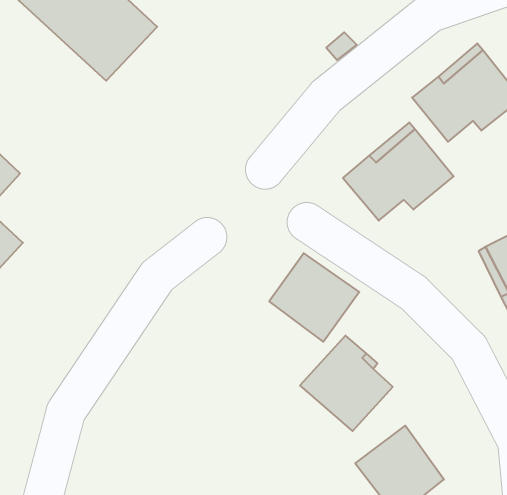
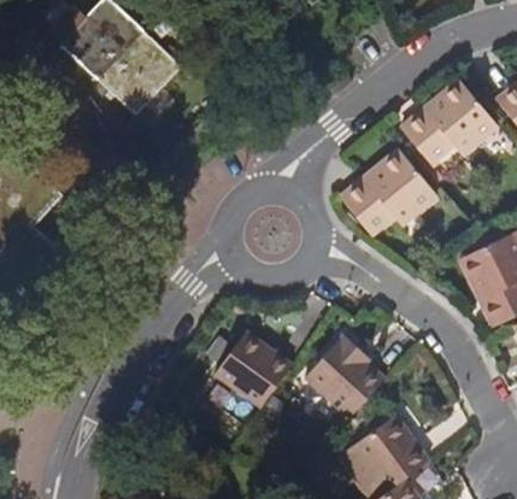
building: [269,253,359,342] -> [213,331,292,409]

